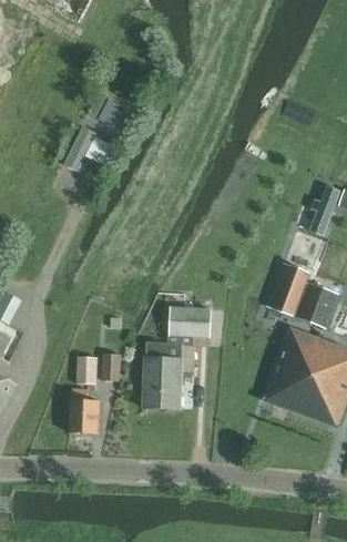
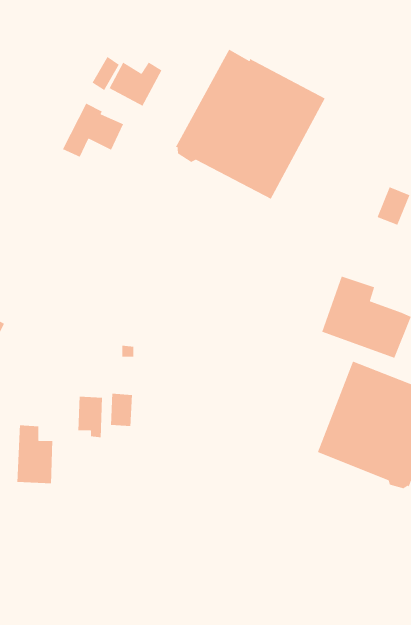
building: none -> [174,48,326,200]
building: [143,290,211,408] -> none
building: [70,387,99,433] -> [16,425,53,484]

